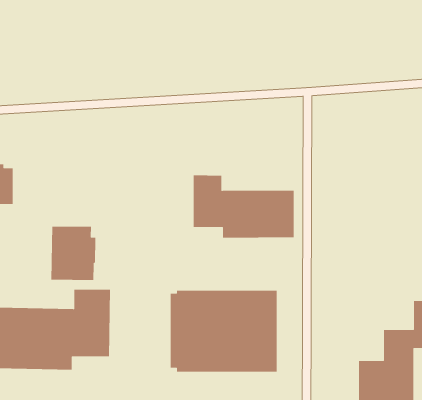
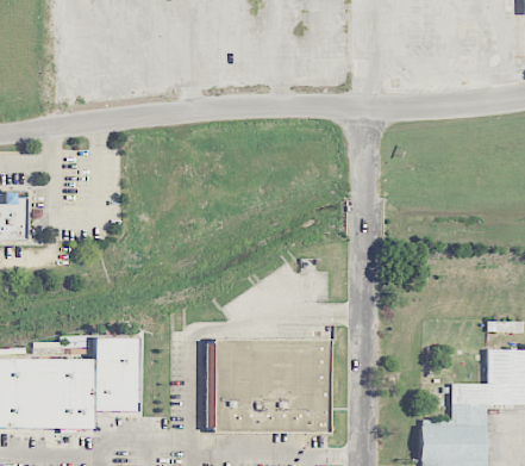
building: [193,175,295,238] -> none
building: [51,226,96,281] -> none

